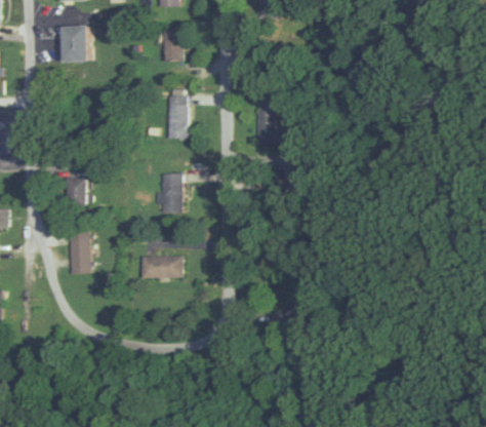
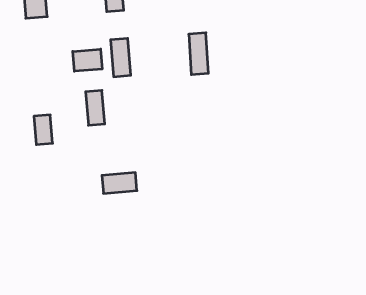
building: none -> [73,49,102,71]
building: [162,172,181,212] -> [86,90,105,125]
building: [68,227,87,272] -> none

